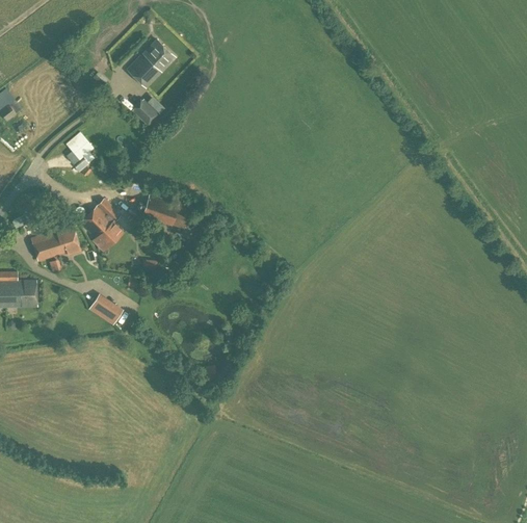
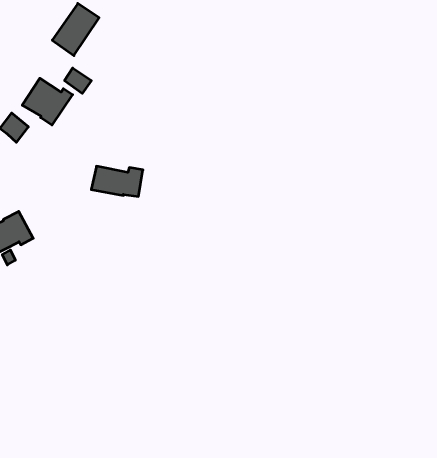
building: none -> [22,78,73,125]
building: [80,199,123,251] -> none
building: [88,293,123,325] -> none

